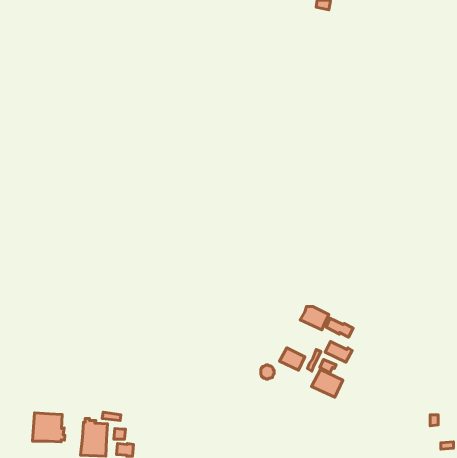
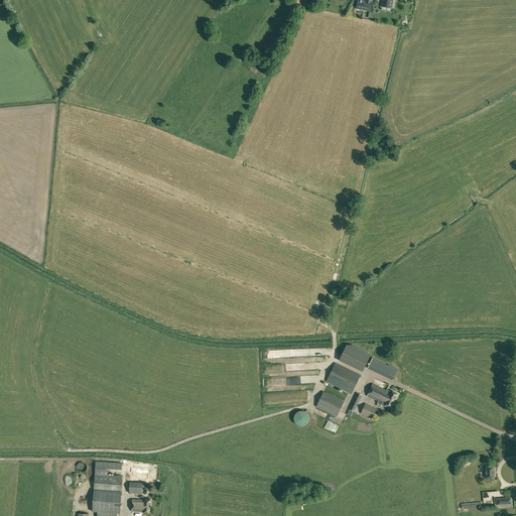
building: [311,369,343,397] -> [325,363,360,394]
building: [33,413,65,442] -> none

